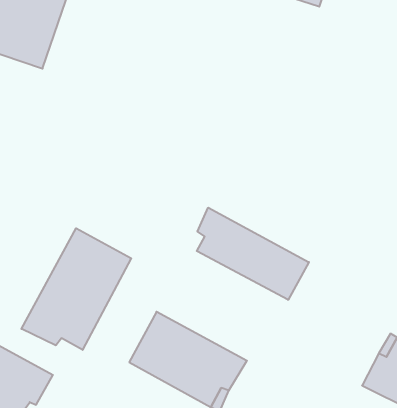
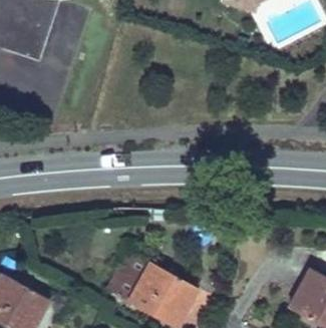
building: [197,208,309,300] -> none
building: [21,228,131,350] -> none

